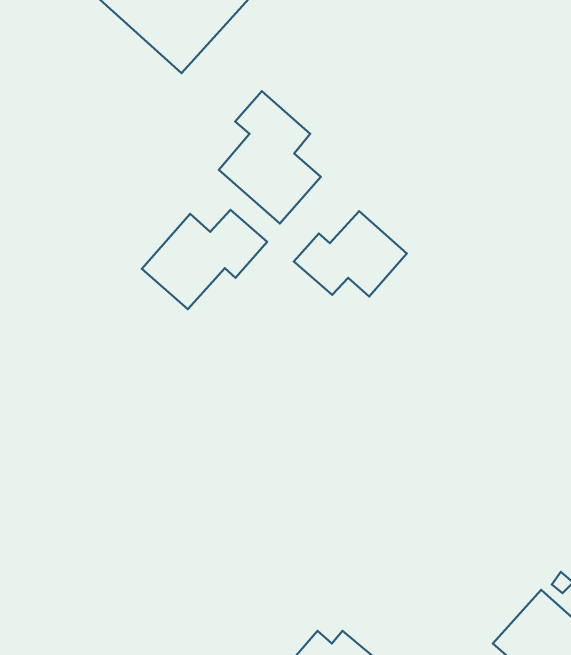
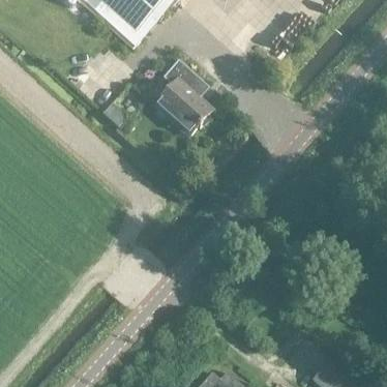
building: [142,210,267,309] -> none
building: [294,211,407,296] -> none

